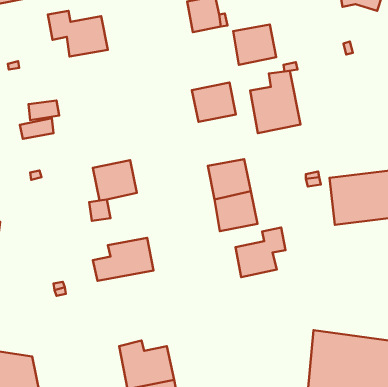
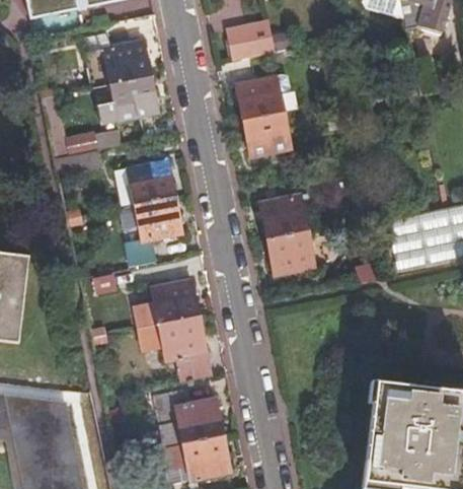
building: [233,25,276,65] -> [236,76,283,120]
building: none -> [106,76,158,121]
building: [250,71,301,133] -> none
building: none -> [128,160,175,204]
building: [236,228,286,277] -> none
building: none -> [140,316,213,380]

